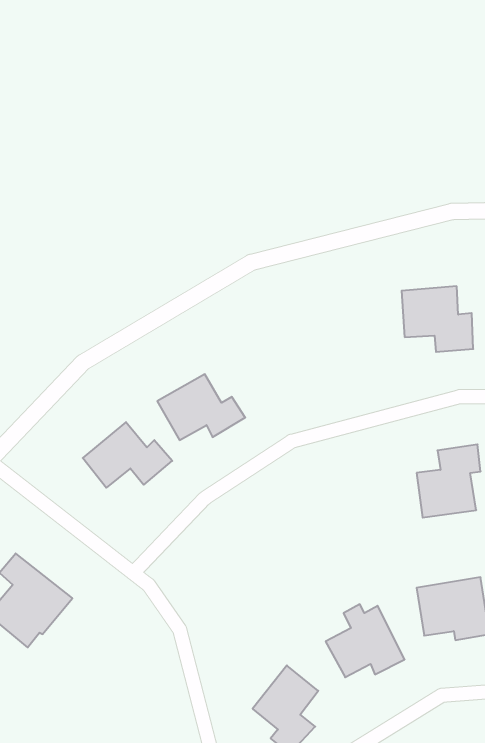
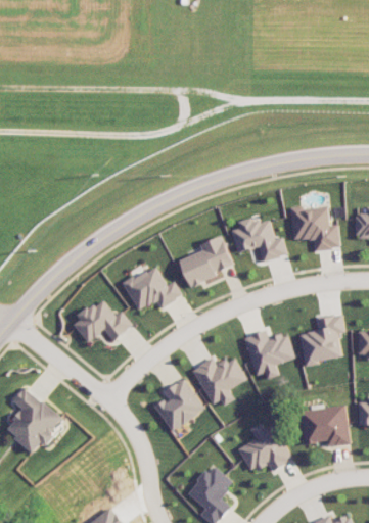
building: none -> [232,217,287,262]
building: none -> [180,236,234,285]
building: none -> [244,331,294,380]
building: none -> [193,356,247,406]
building: none -> [155,378,205,431]

